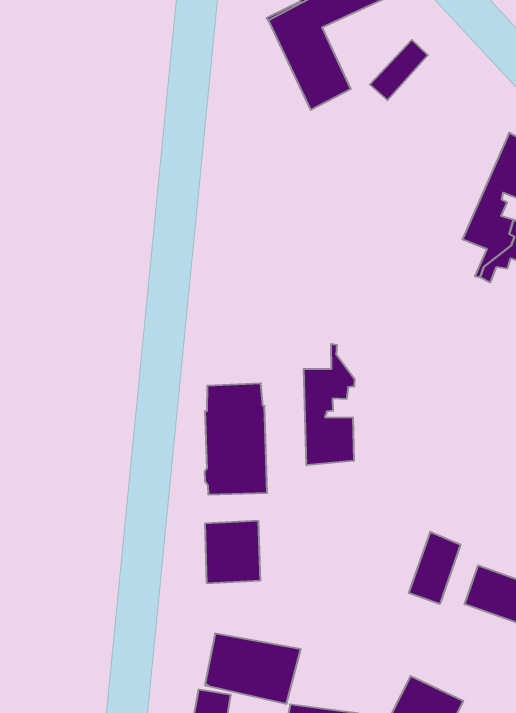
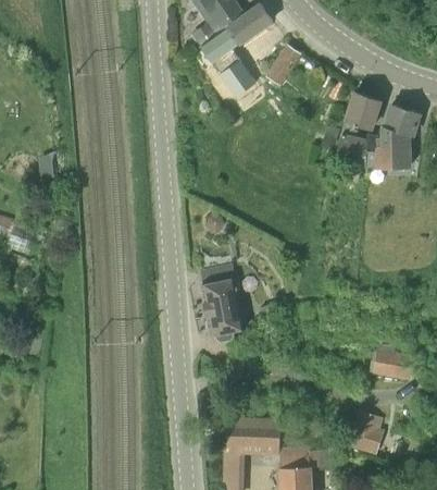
building: [304,344,354,465] -> none
building: [205,521,260,583] -> none
building: [409,532,460,604] -> none

